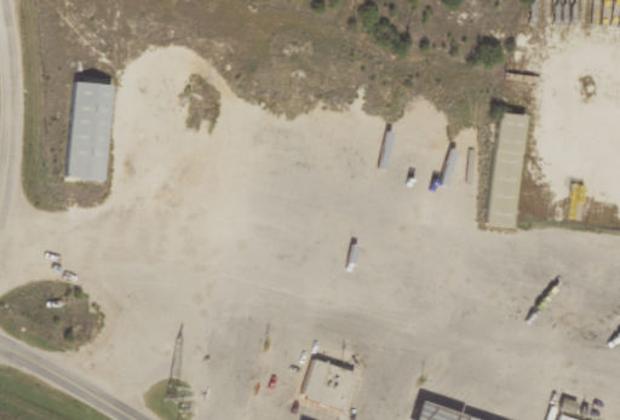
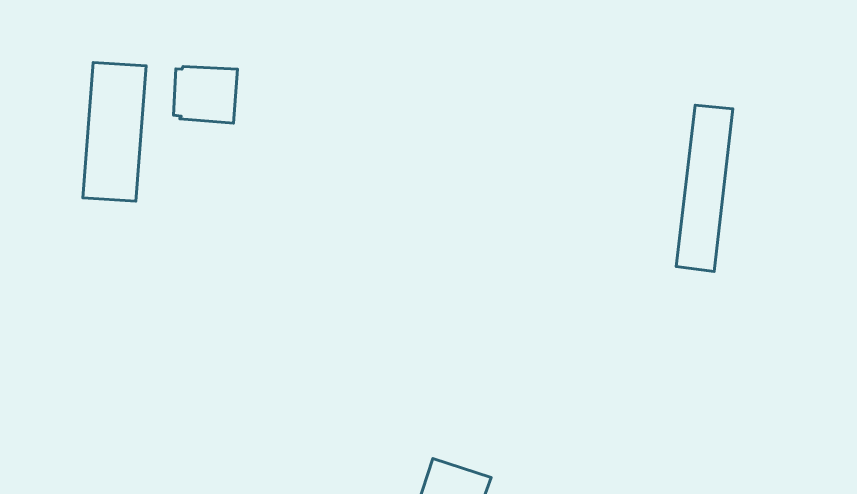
building: none -> [174,66,238,123]

